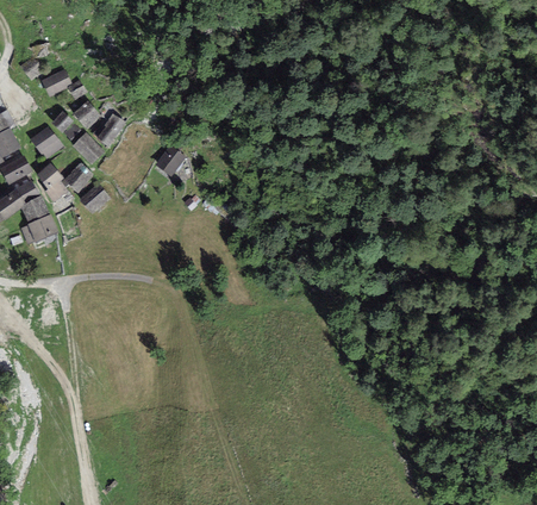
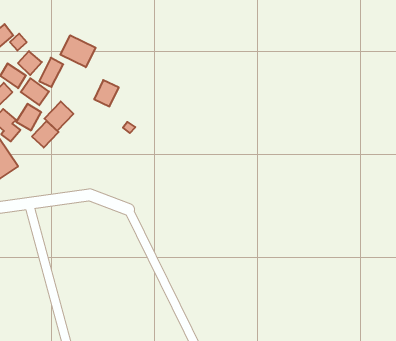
building: none -> [60,35,96,67]
building: none -> [44,101,73,131]

